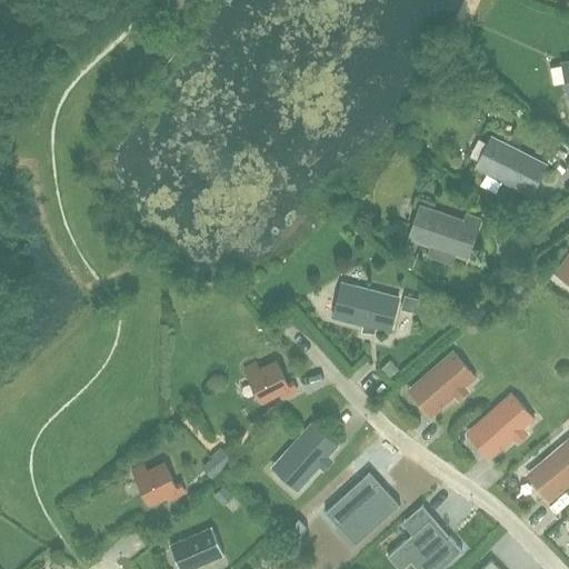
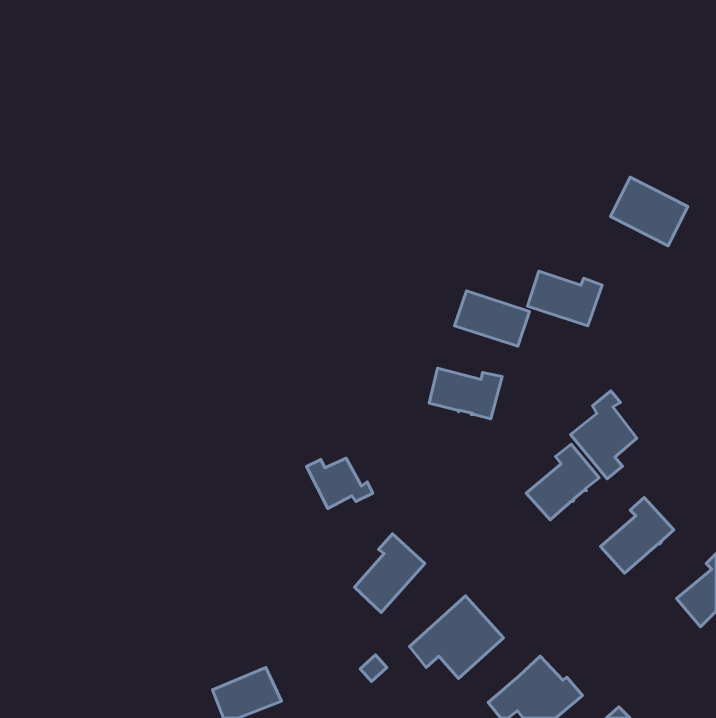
building: none -> [455,291,530,346]
building: none -> [570,391,637,479]
building: [130,463,182,503] -> none

